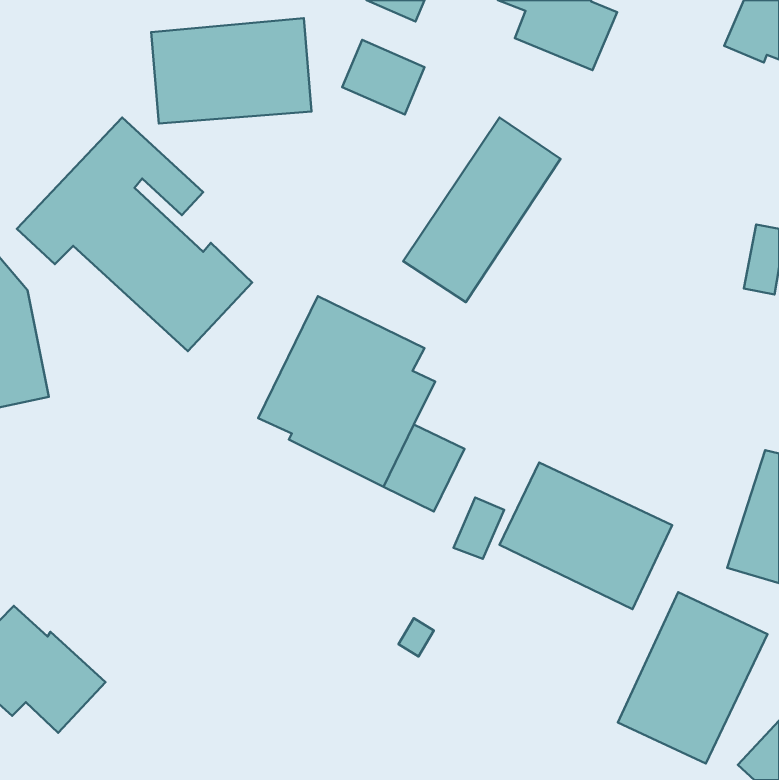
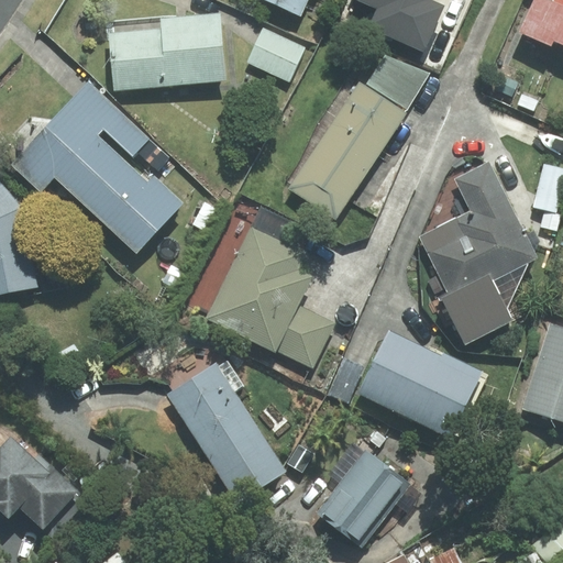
building: none -> [366,56,427,108]
building: none -> [421,162,536,342]
building: none -> [167,361,284,501]
building: [618,592,767,764] -> none
building: none -> [318,444,409,547]

